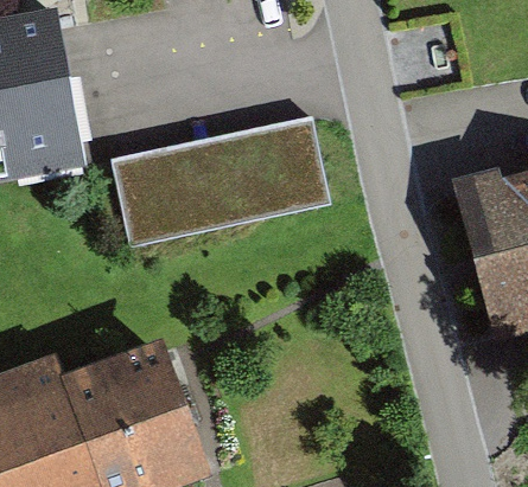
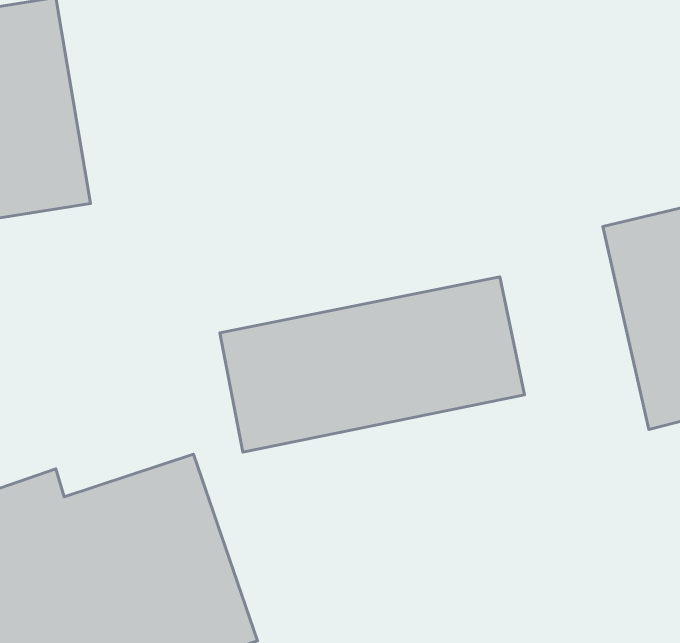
building: [112,116,332,243] -> [220,277,524,452]

